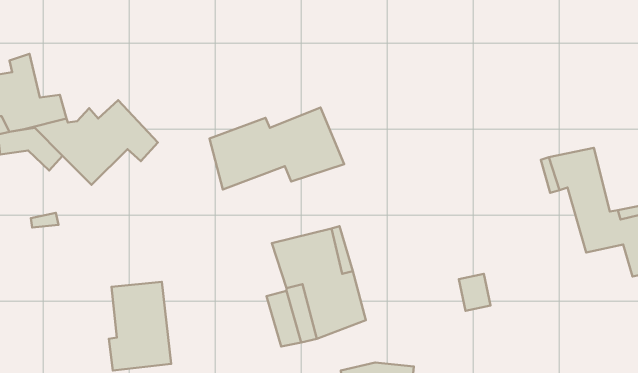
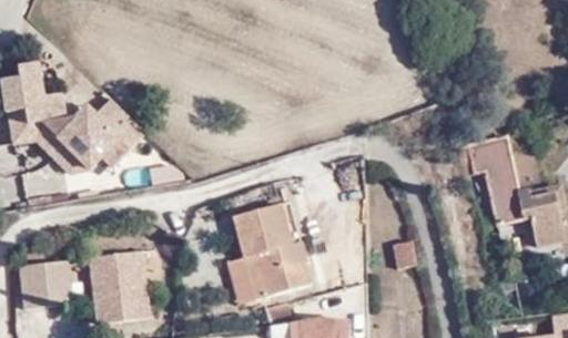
building: [209,108,344,189] -> none
building: none -> [21,257,78,305]

